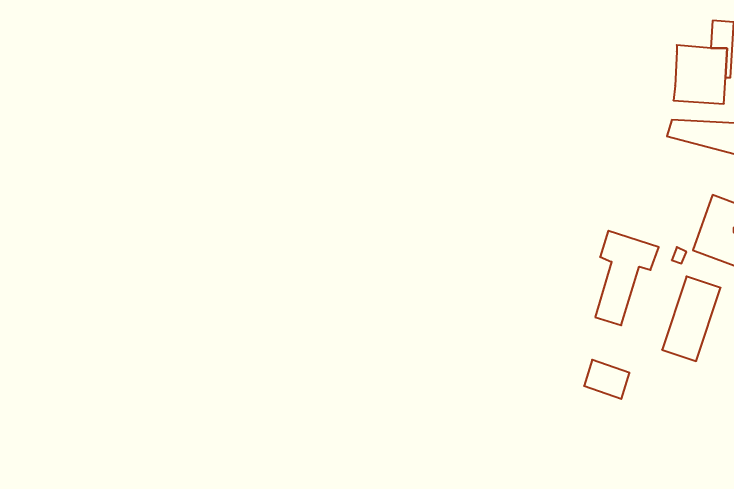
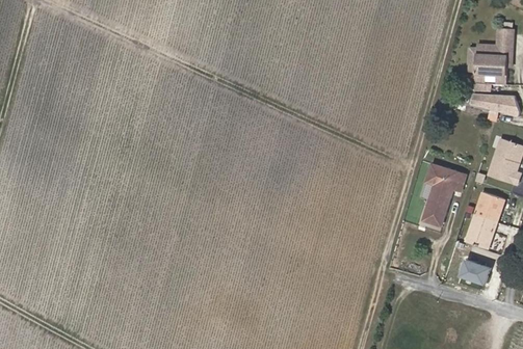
building: [584,360,630,399] -> [460,262,489,287]

